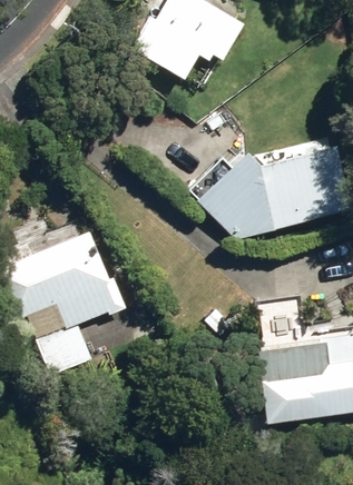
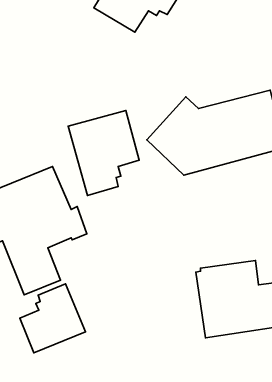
building: none -> [68,110,139,195]
building: none -> [20,284,85,353]

